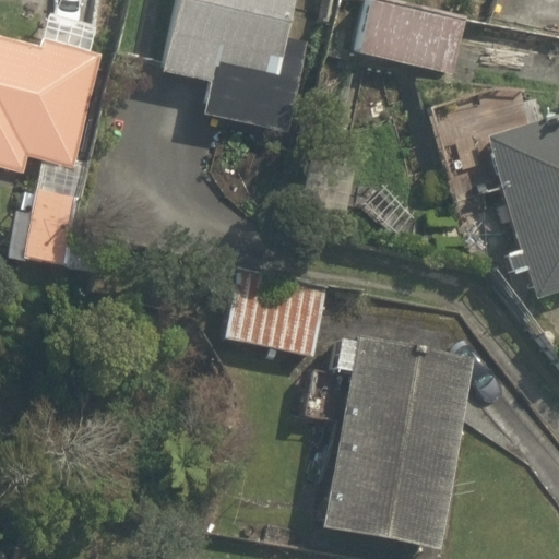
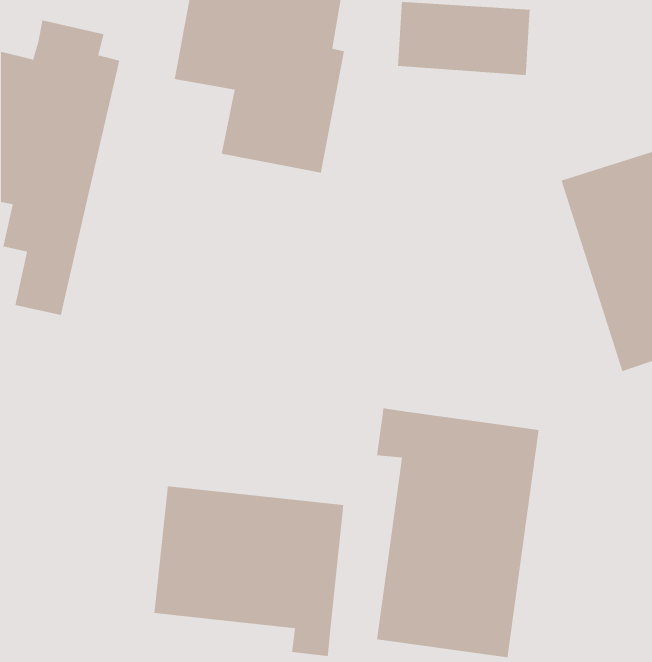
building: [224,264,324,346] -> none
building: none -> [154,486,344,657]

